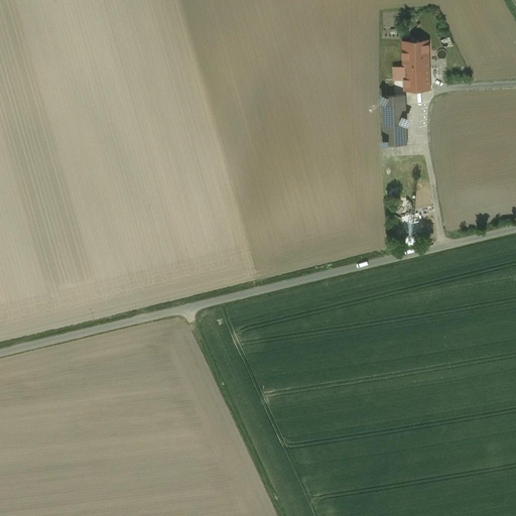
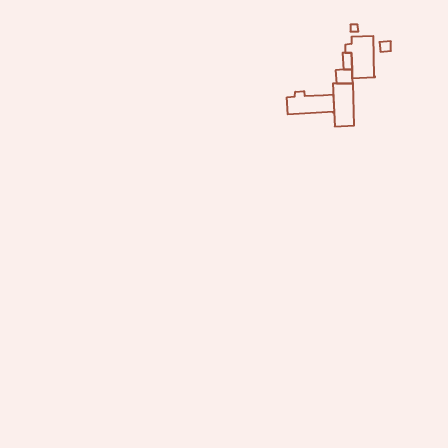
building: none -> [287,91,334,114]

